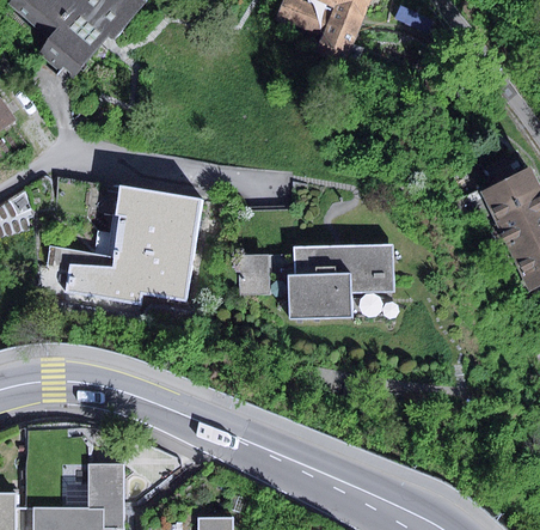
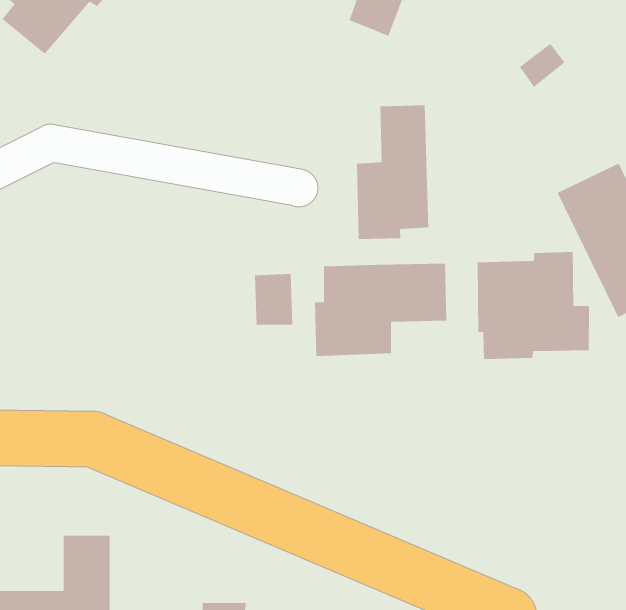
building: none -> [356,105,429,240]
building: [47,185,202,303] -> none
building: none -> [477,251,590,360]

